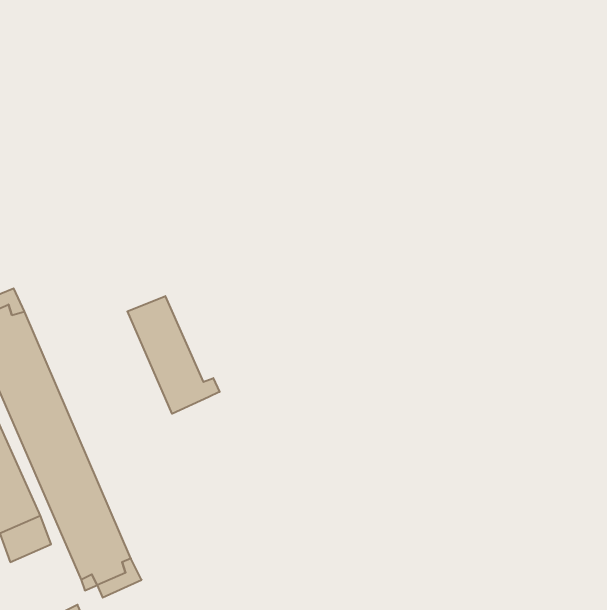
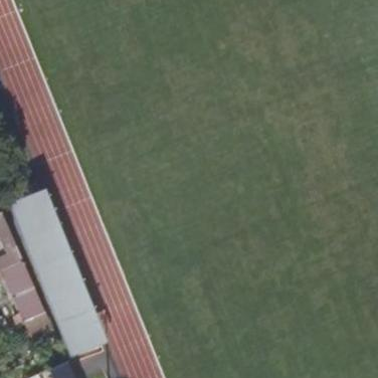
building: [127,296,220,414] -> none

